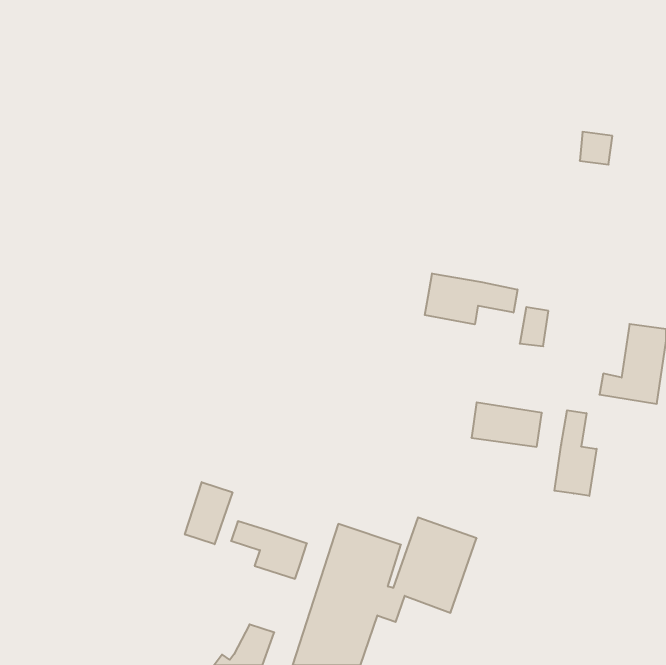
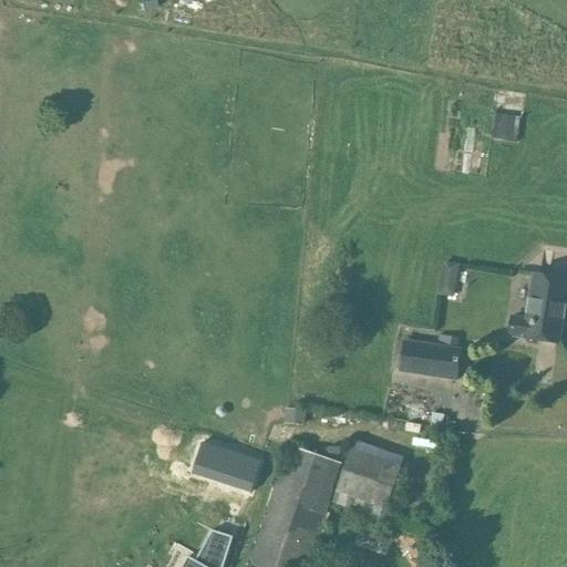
building: [425,273,517,324] -> none
building: [554,410,597,496] -> none
building: [185,482,232,544] -> none

